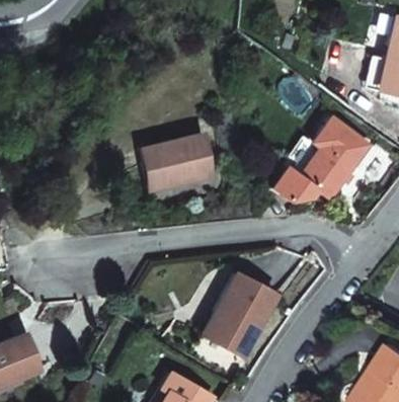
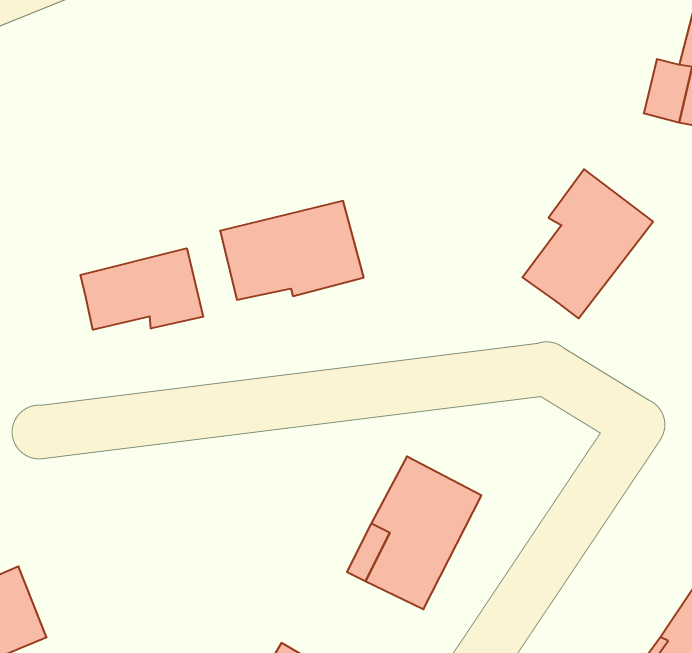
building: [273,135,322,198] -> none
building: none -> [80,248,203,330]

